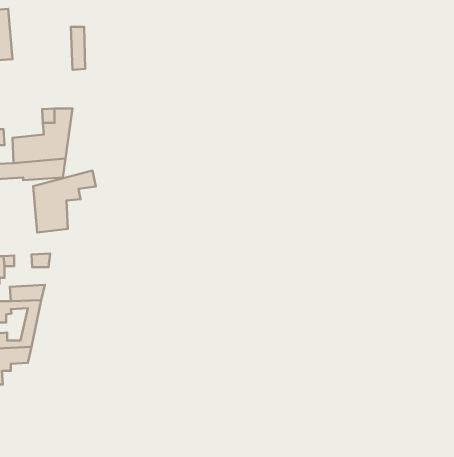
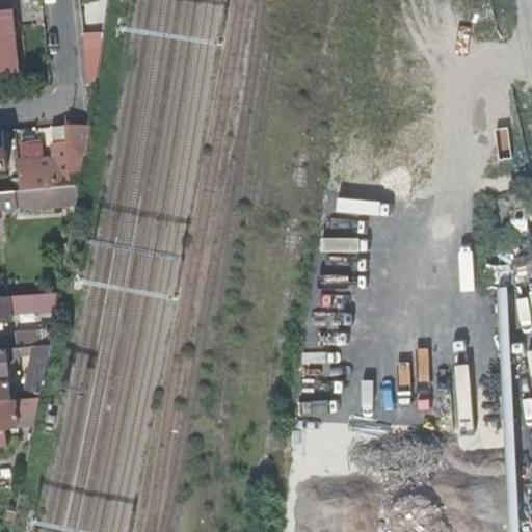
building: [33,171,96,232] -> none

